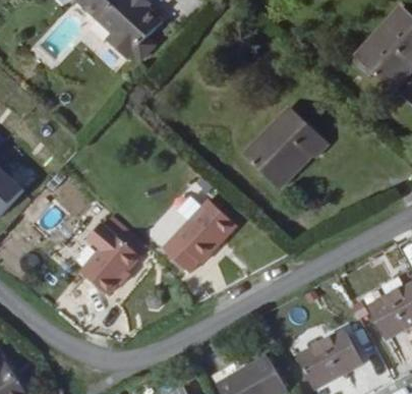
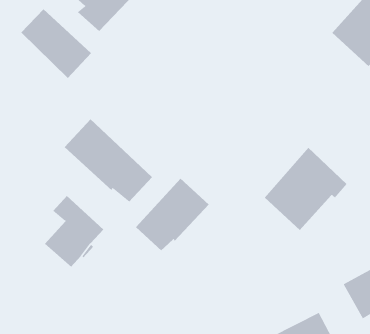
building: none -> [21,8,92,79]
building: [242,105,325,187] -> [264,147,347,231]
building: none -> [64,118,153,202]

